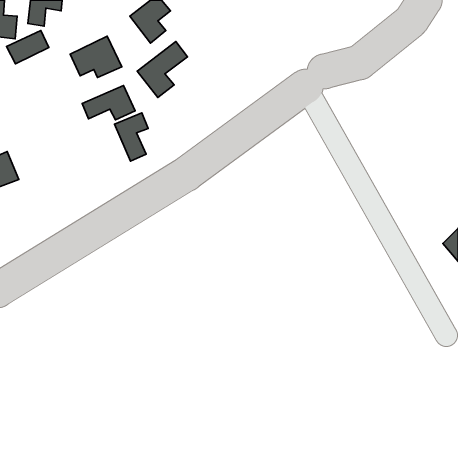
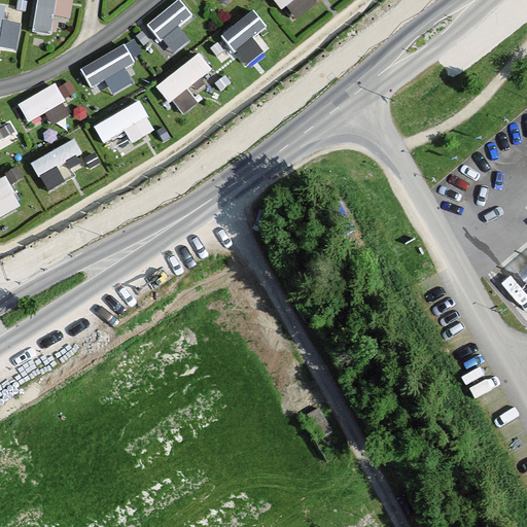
building: none -> [221,10,267,65]
building: [7,30,49,64] -> [17,83,66,121]
building: [114,113,148,161] -> none
building: none -> [32,141,81,190]

